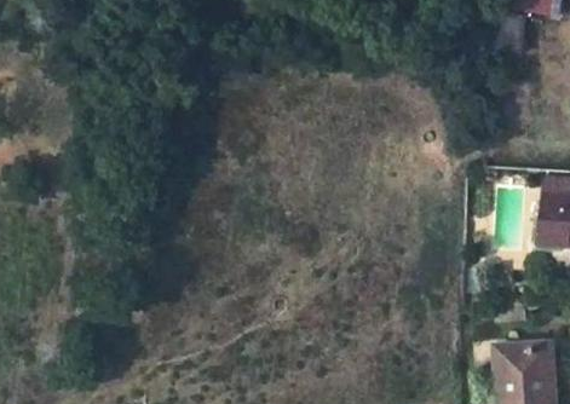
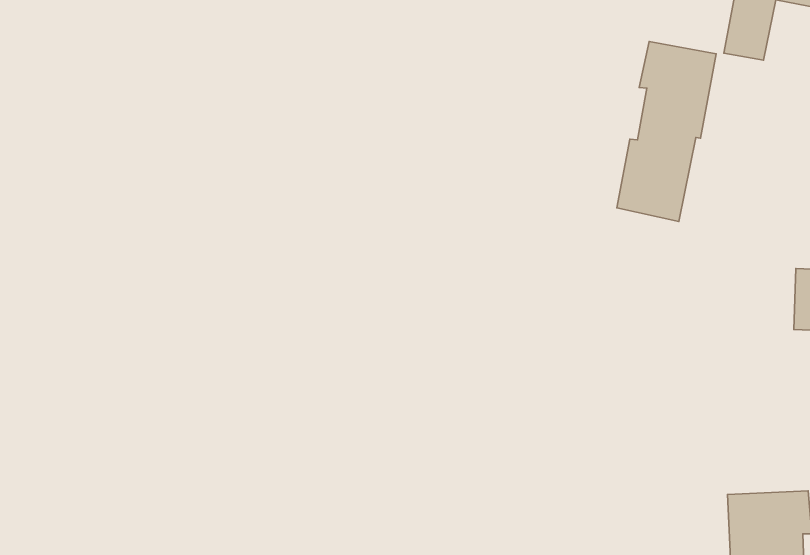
building: none -> [617,42,716,221]

